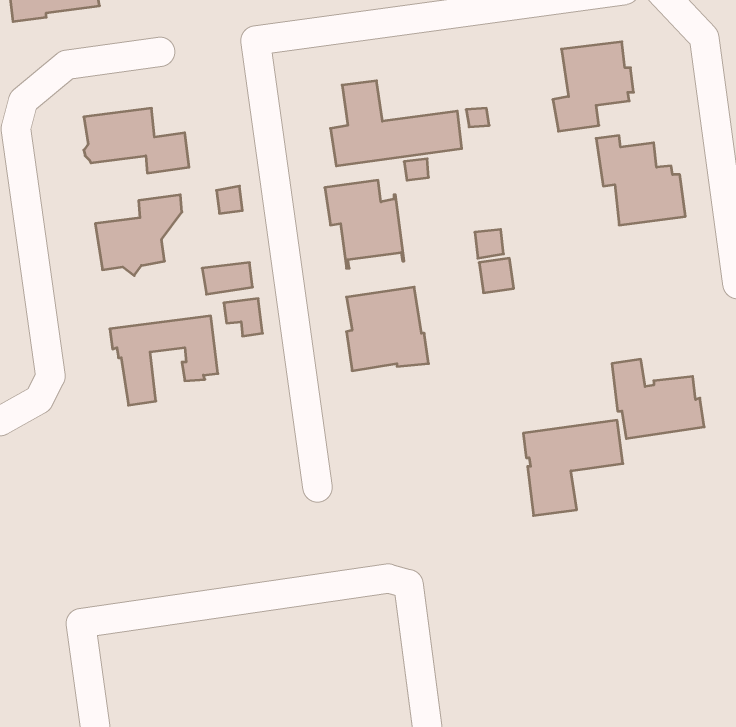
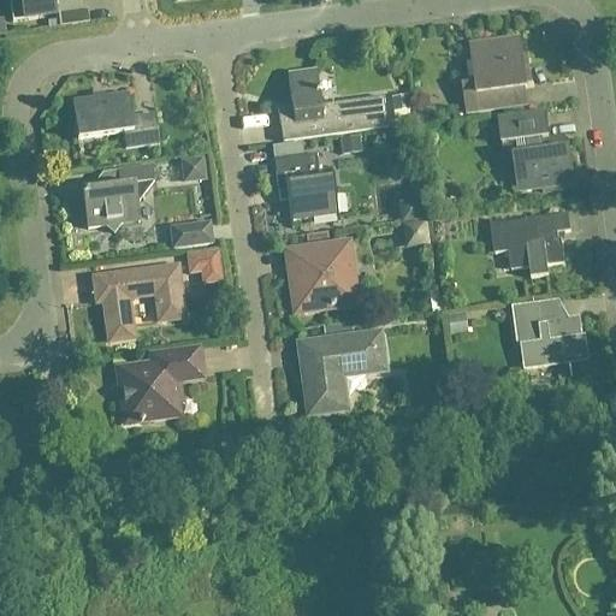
building: none -> [490,211,570,276]
building: none -> [118,346,200,420]
building: [523,420,623,516] -> [300,331,383,410]

